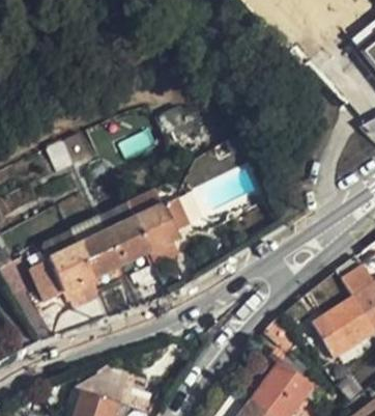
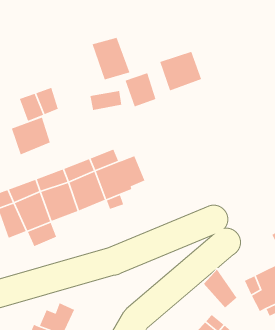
building: none -> [92,37,130,81]
building: none -> [159,51,202,92]
building: none -> [11,116,51,155]

